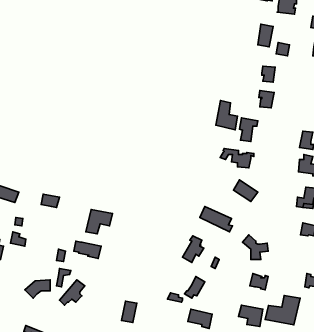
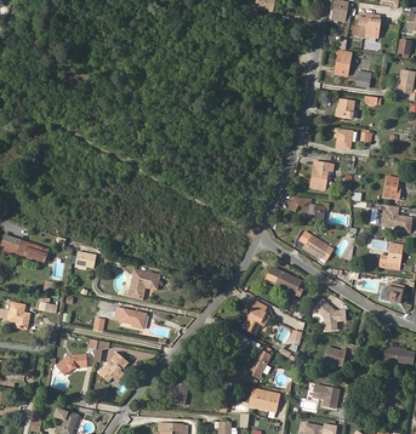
building: [216,101,237,130] -> none
building: [265,296,300,325] -> none

